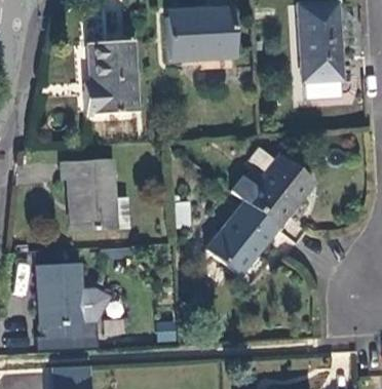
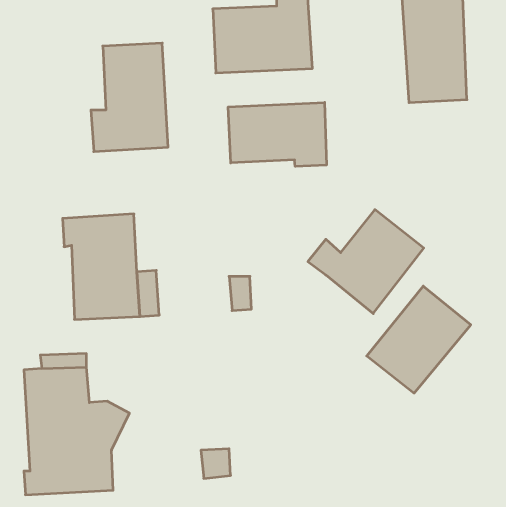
building: none -> [228,102,326,166]
building: [206,200,278,274] -> [367,286,471,393]

